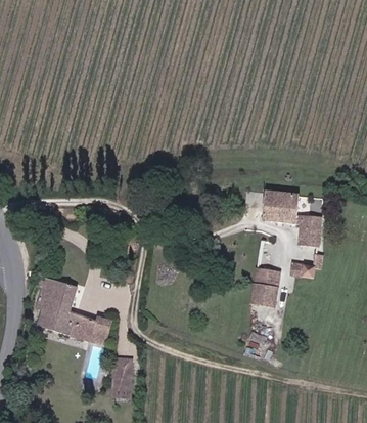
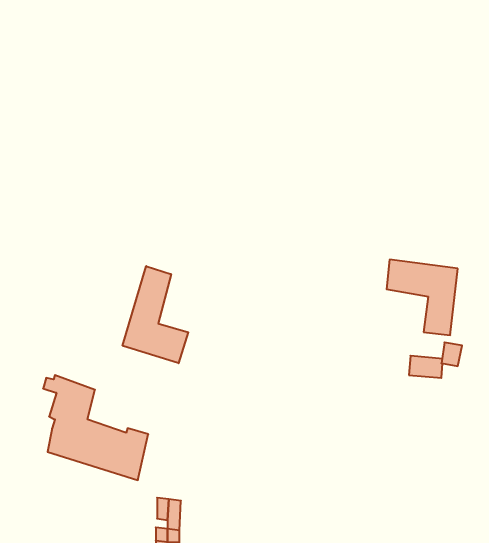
building: none -> [123,266,188,363]
building: [254,249,278,305] -> none

